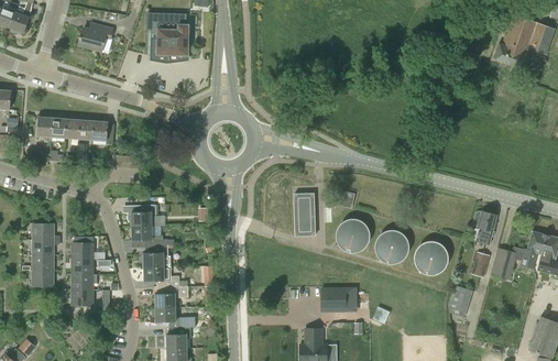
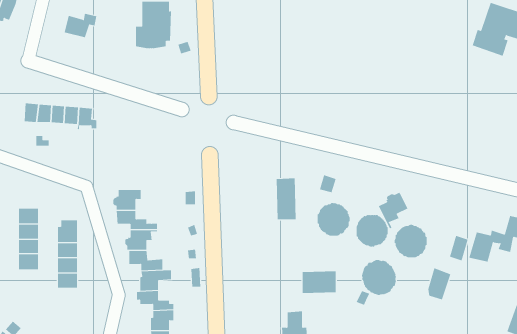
building: none -> [378,192,408,229]
building: [472,211,496,244] -> none
building: none -> [361,259,397,296]

